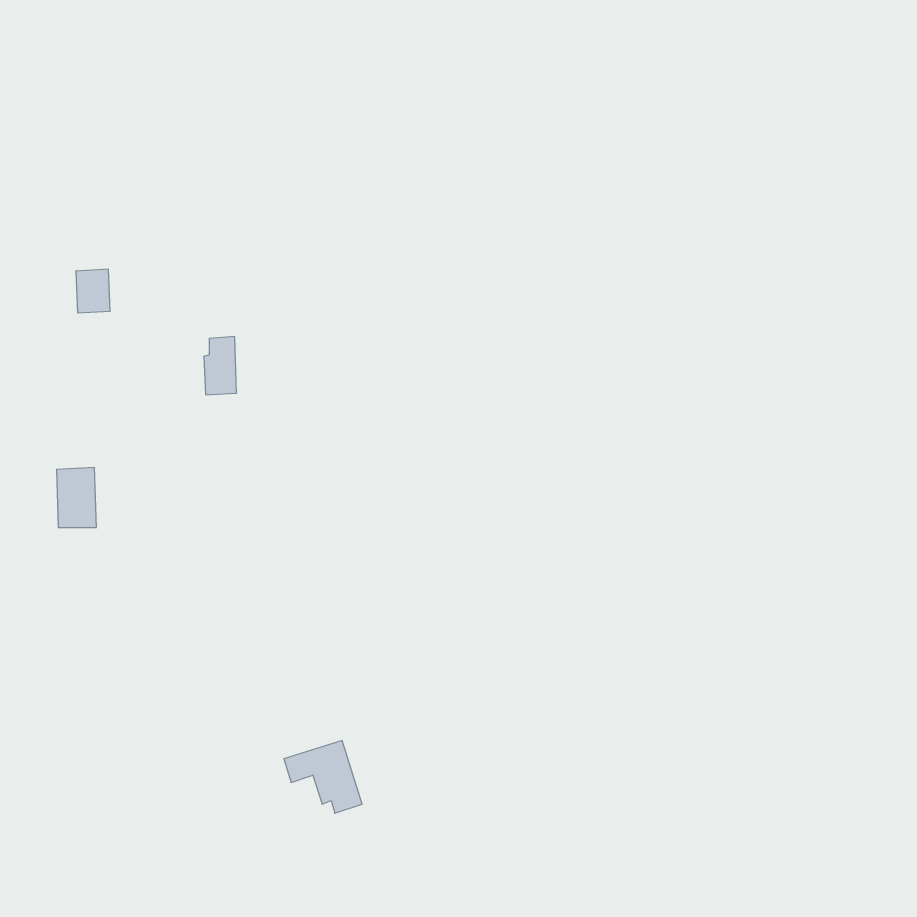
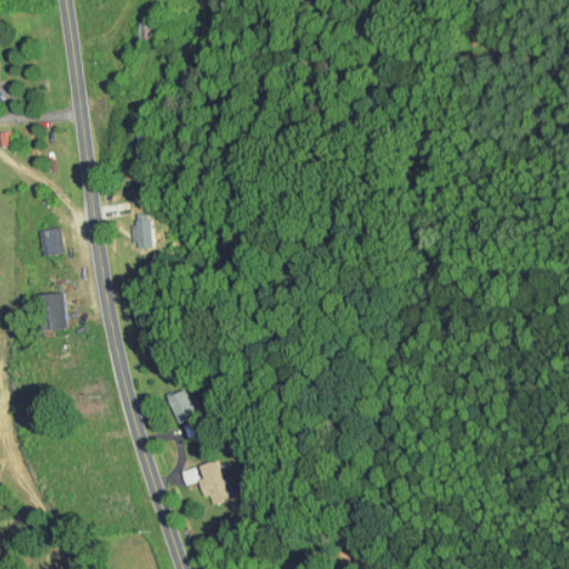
building: [76,269,110,313] -> [40,229,61,256]
building: none -> [166,388,197,425]

